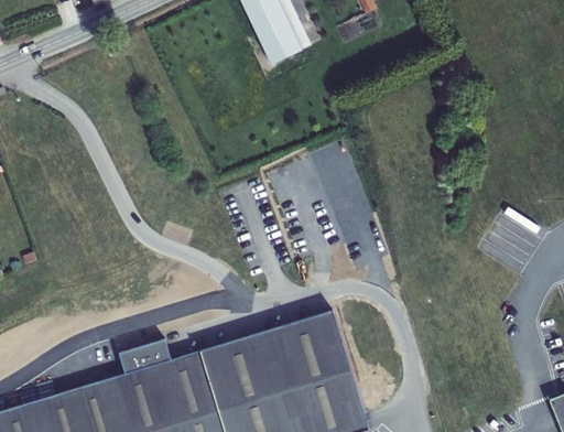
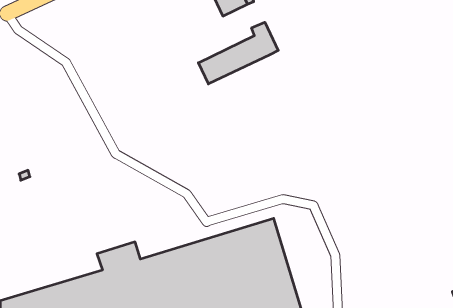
building: none -> [198,22,278,84]

